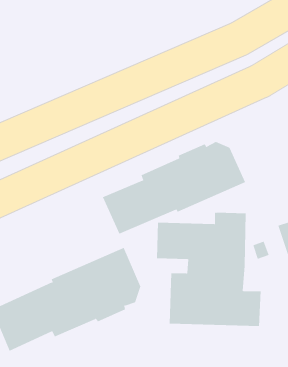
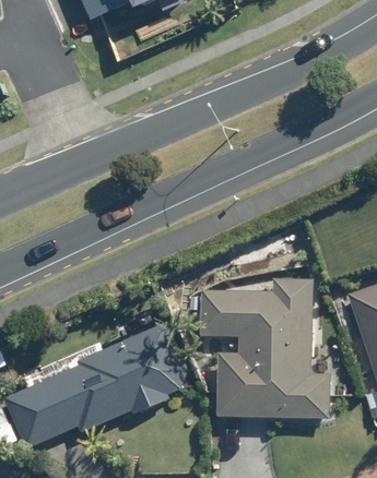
building: [102,141,246,234] -> none

